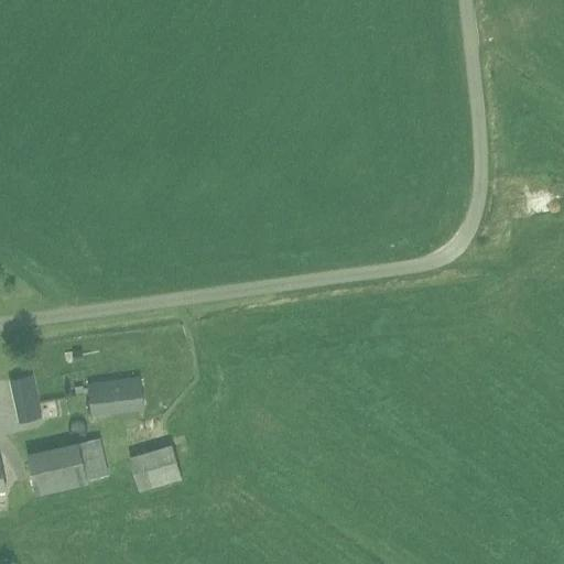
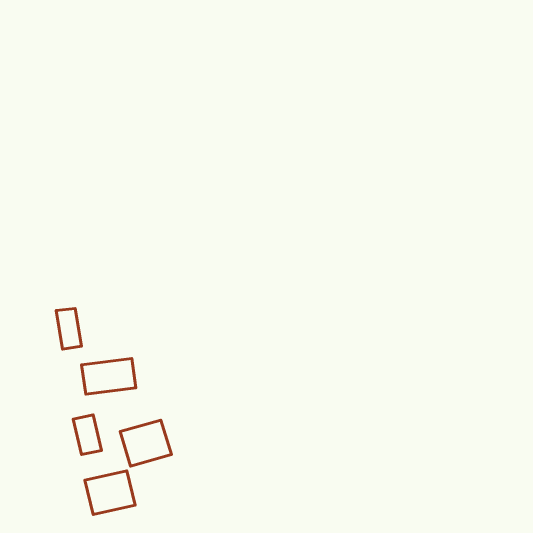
building: [14,375,41,417] -> [56,308,81,349]
building: [26,444,79,490] -> [85,471,135,515]

